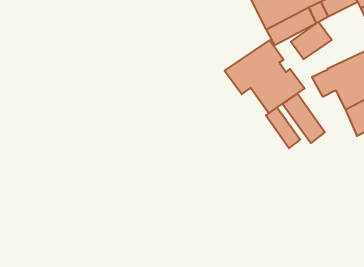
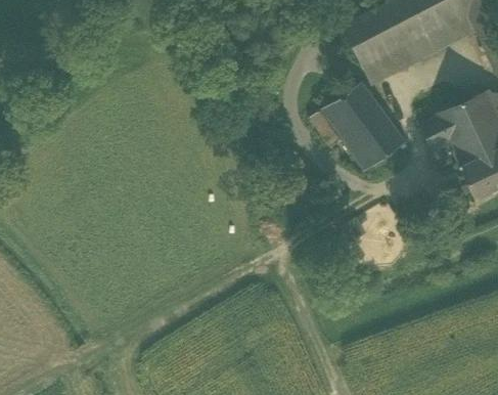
building: [291,22,332,59] -> none
building: [283,93,325,143] -> none
building: [266,107,300,148] -> none

